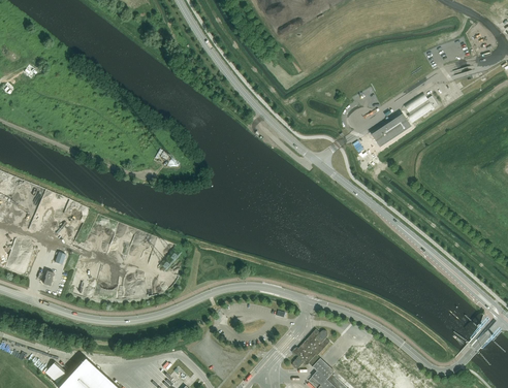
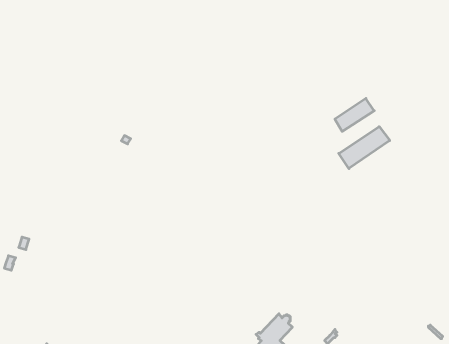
building: none -> [339,127,390,169]

